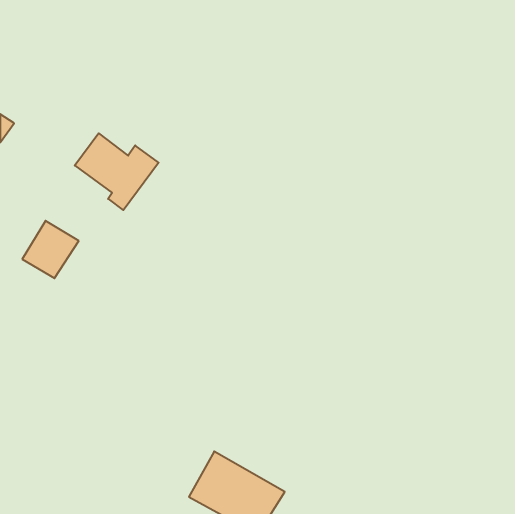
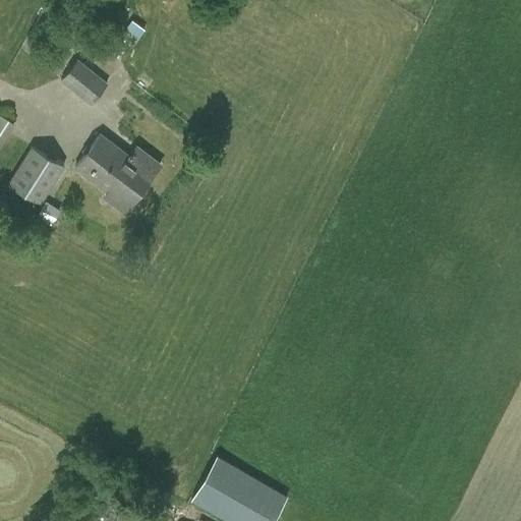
building: none -> [60,61,108,106]
building: [22,221,79,278] -> [8,148,65,206]

